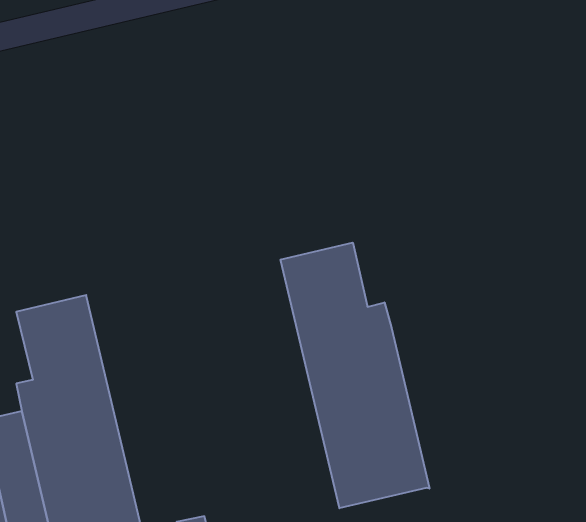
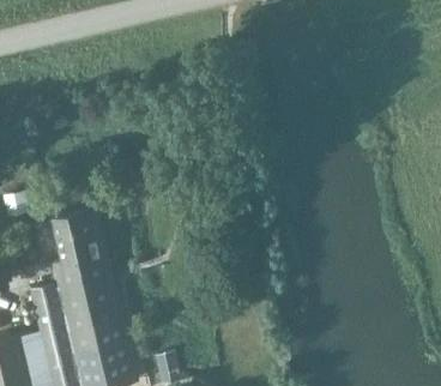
building: [281,243,429,508] -> none

